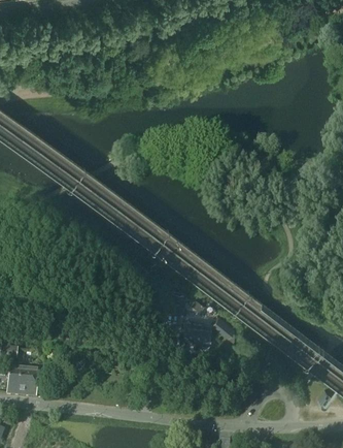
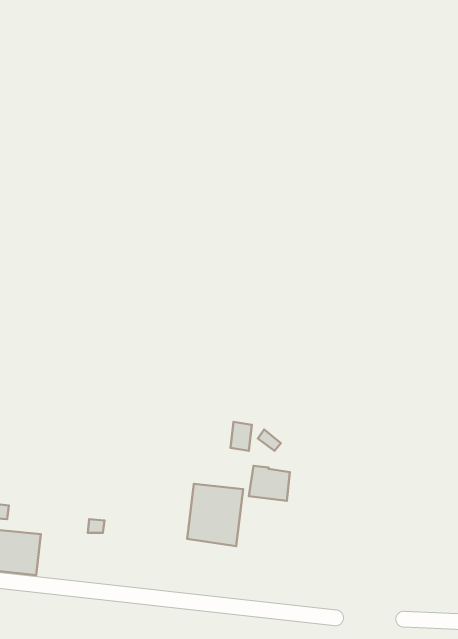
building: none -> [187,484,243,546]

